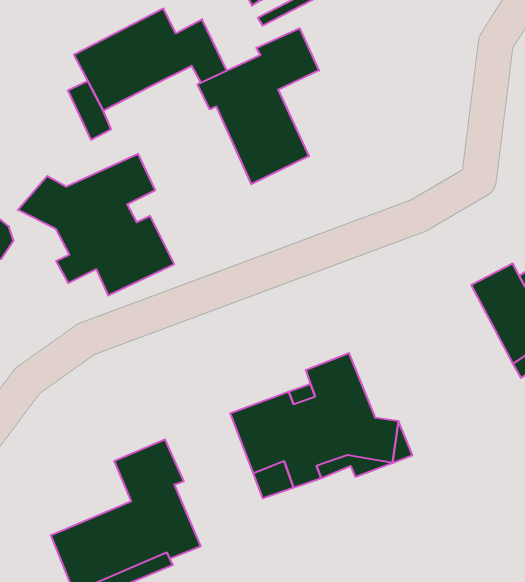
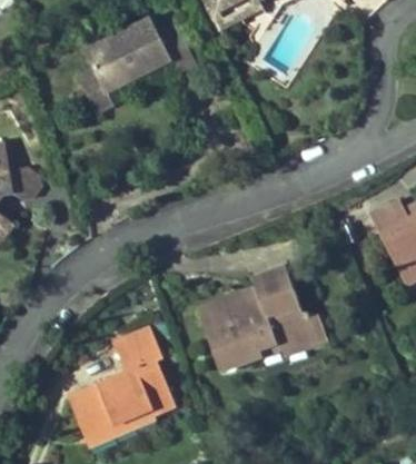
building: [198,28,319,184] -> none
building: [18,154,174,296] -> none

